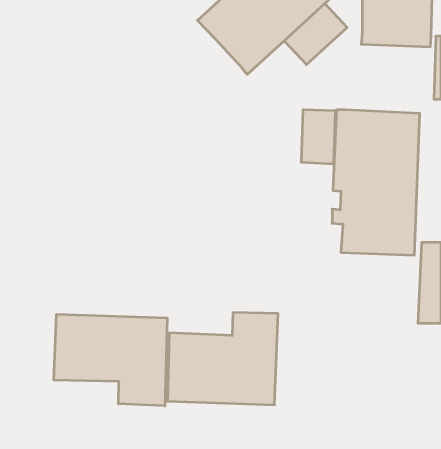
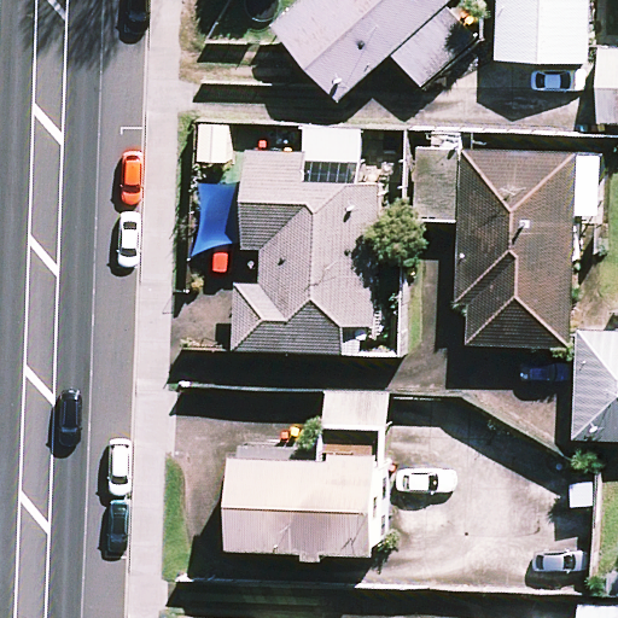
building: none -> [232,152,378,355]
building: [54,314,167,406] -> none

